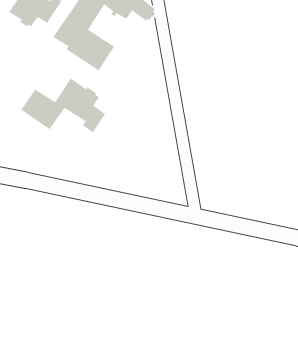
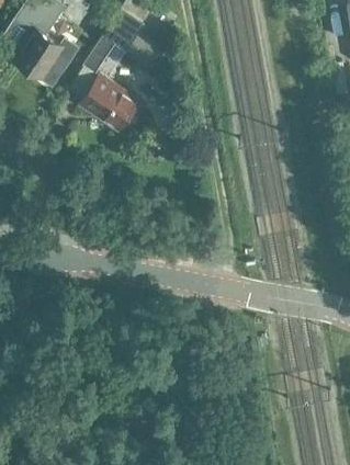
building: [20,78,106,134] -> none

